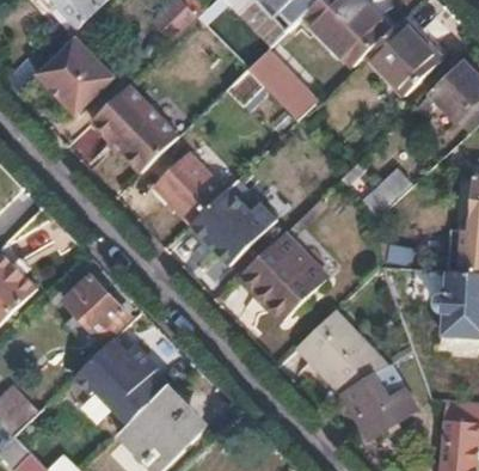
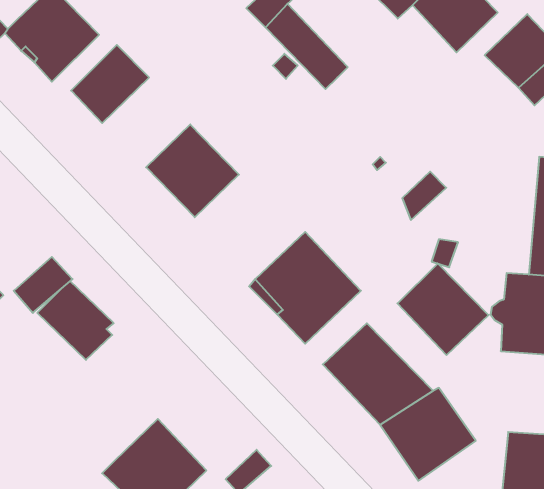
building: [117,110,180,173] -> none
building: [192,186,268,263] -> none
building: none -> [397,263,489,355]
building: [75,337,164,422] -> none

